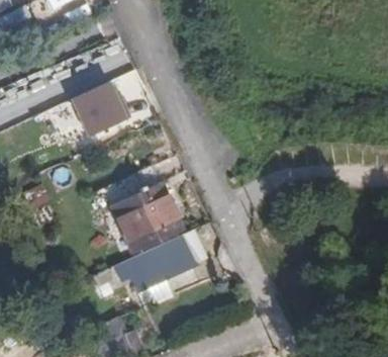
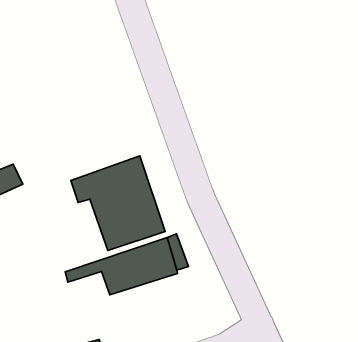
building: [68,77,130,137] -> none

